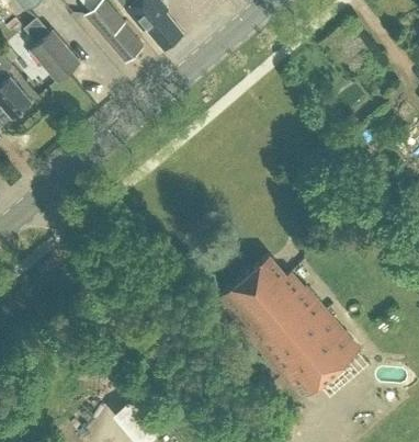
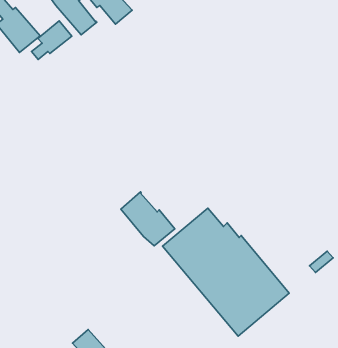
building: none -> [32,21,72,59]
building: none -> [121,192,175,246]

